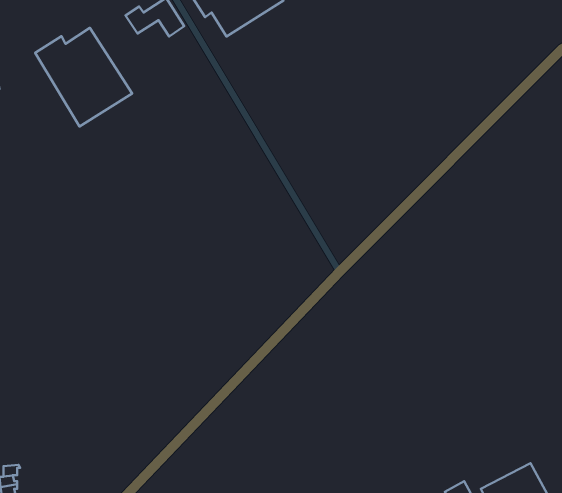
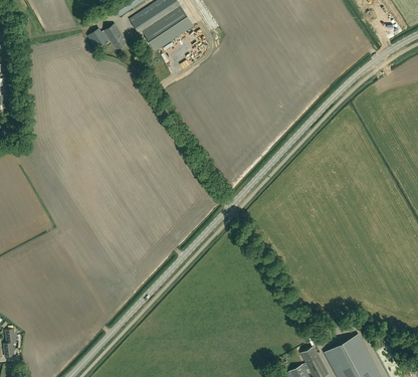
building: [35,28,132,127] -> none

